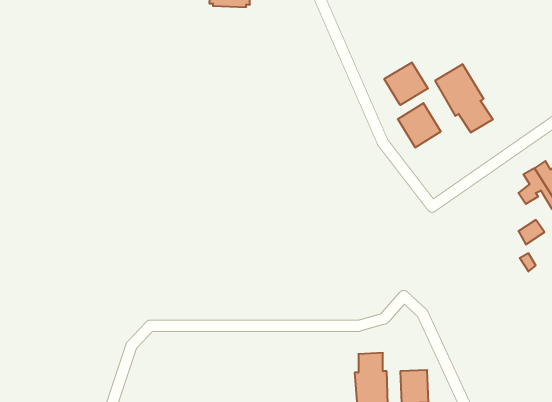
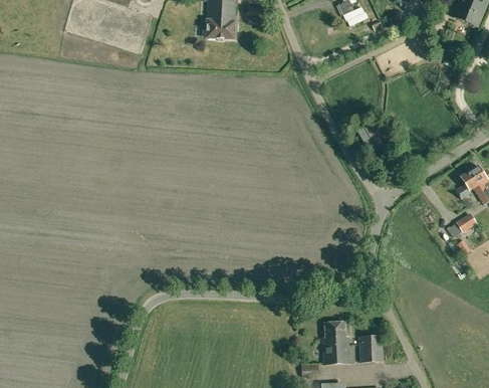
building: [384,62,428,105] -> none
building: [435,64,493,133] -> none

